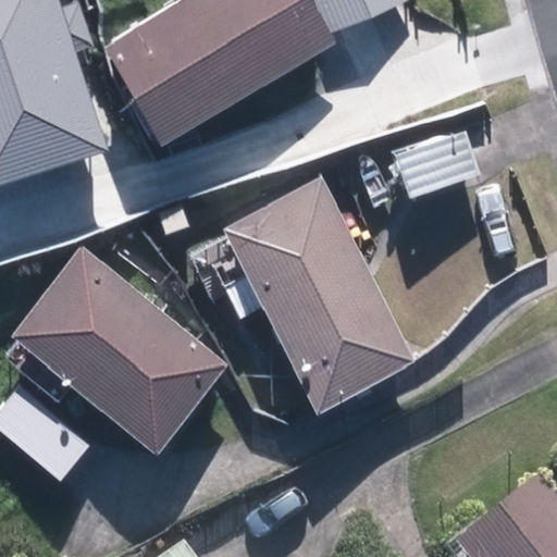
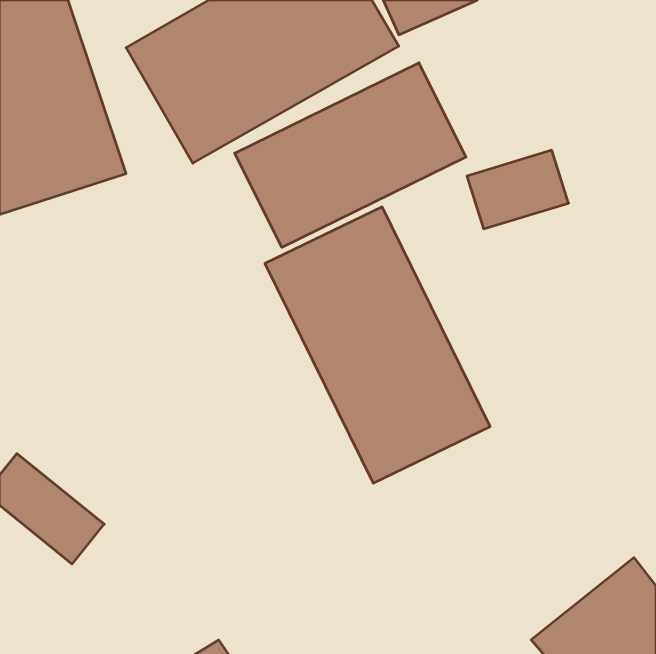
building: none -> [235,63,466,247]
building: [8,244,232,455] -> none

